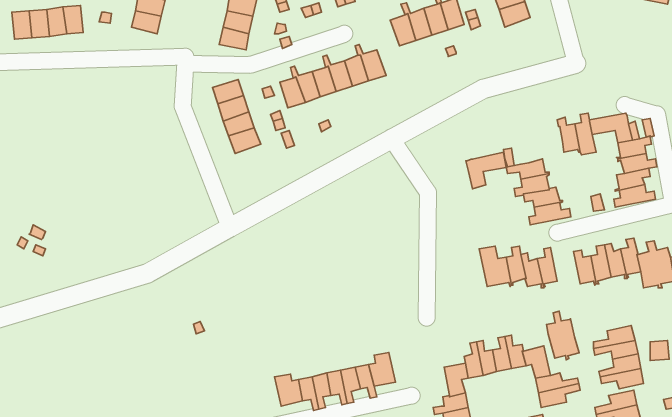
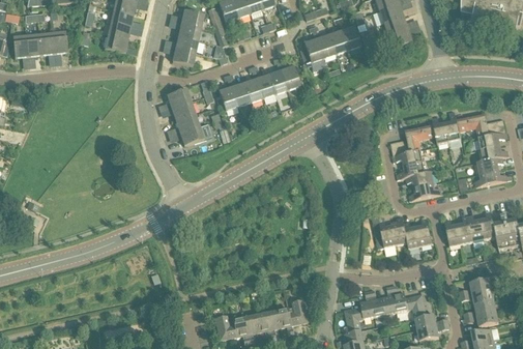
building: [466,153,506,189] -> [405,124,436,152]
building: [546,311,579,360] -> none

